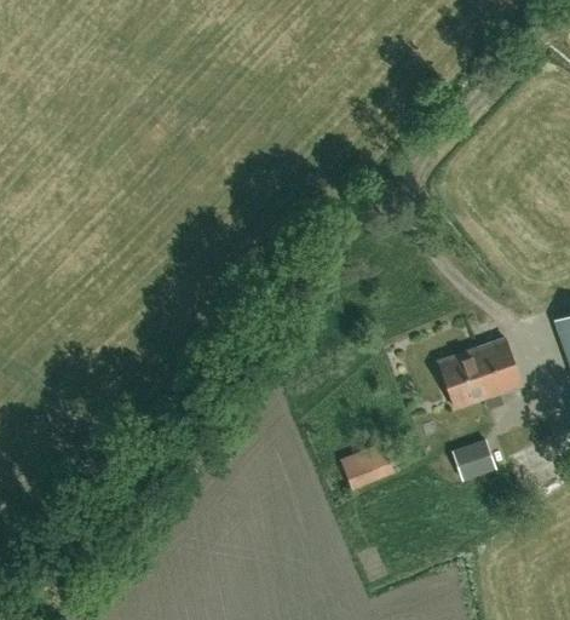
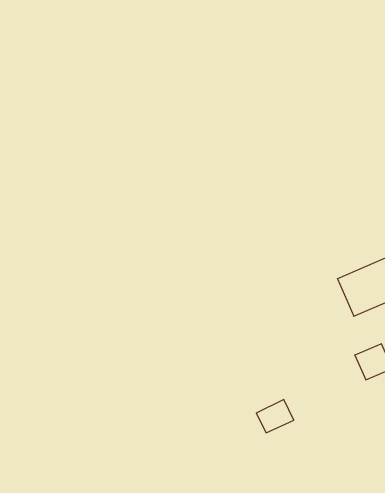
building: [342,443,386,481] -> [256,400,294,433]

